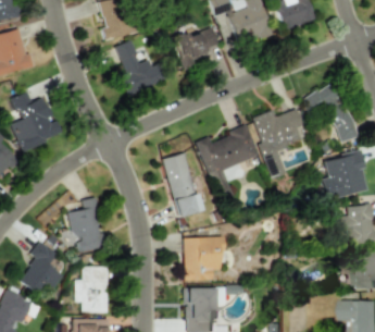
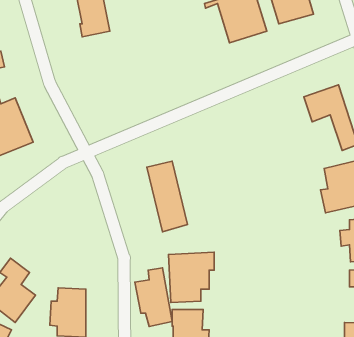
building: [173,26,222,64] -> none
building: [115,40,161,95] -> none
building: [253,106,308,177] -> none
building: [197,126,259,199] -> none
building: [67,198,101,251] -> [135,268,172,326]

